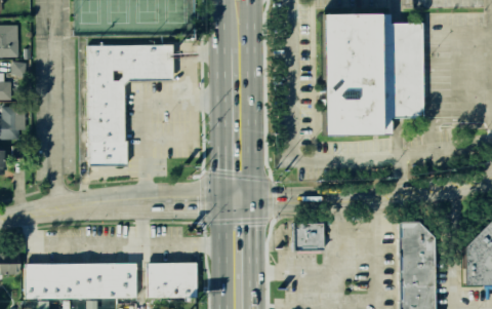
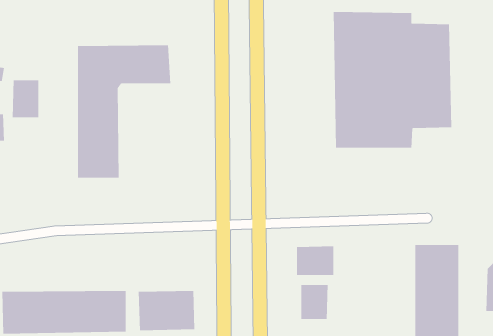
building: none -> [12,80,39,118]
building: none -> [301,284,328,320]

